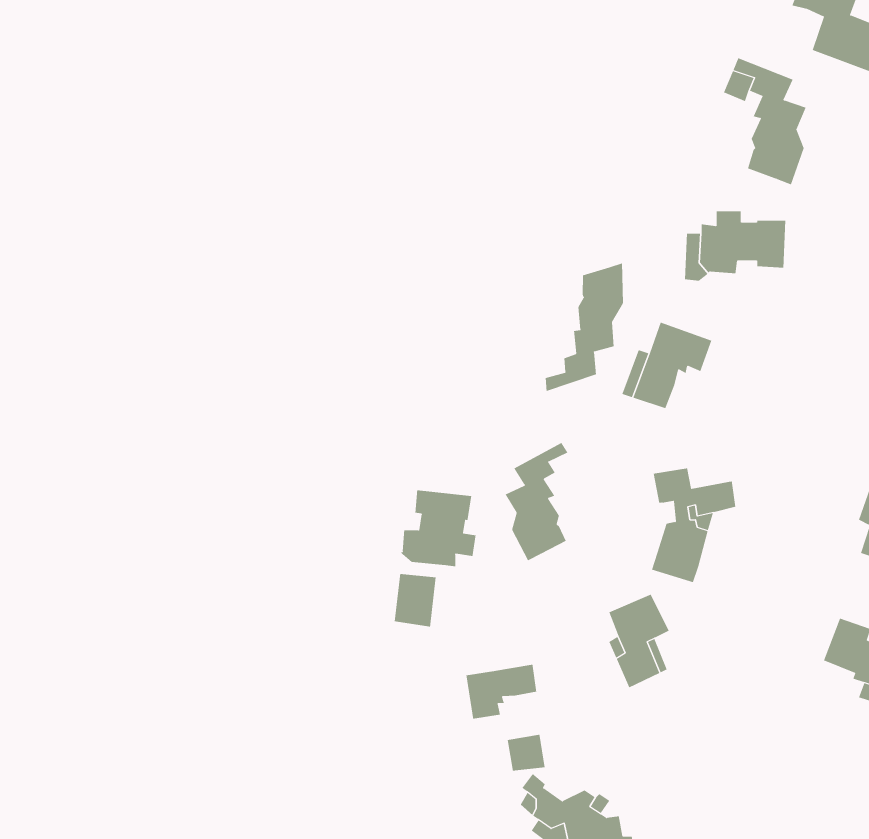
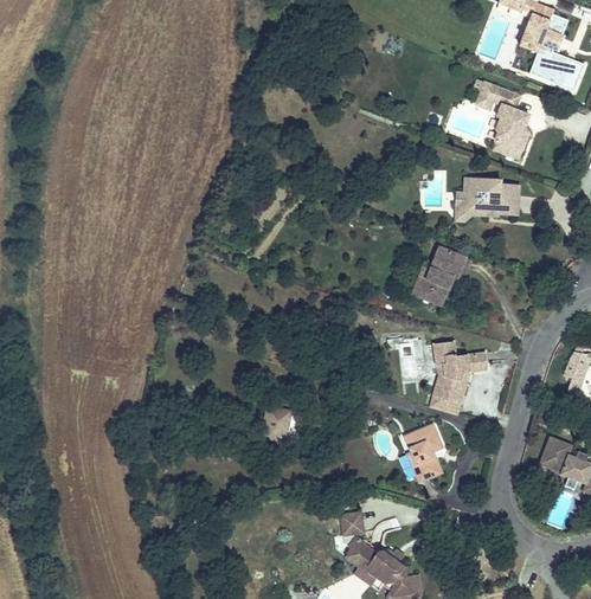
building: [545,263,623,392] -> none
building: [505,442,568,561] -> none
building: [400,489,476,567] -> none
building: [466,664,537,720] -> none

